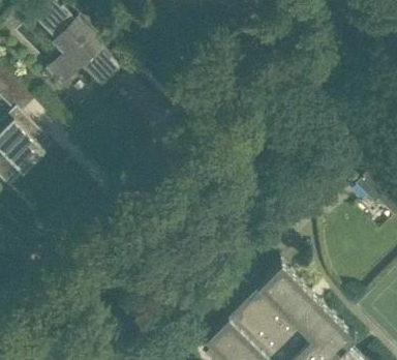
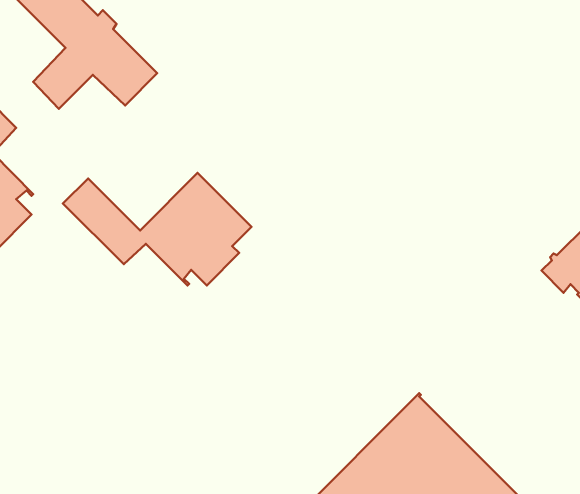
building: none -> [63,173,251,285]

